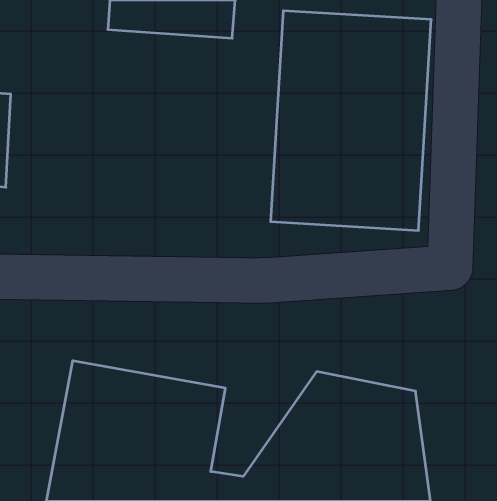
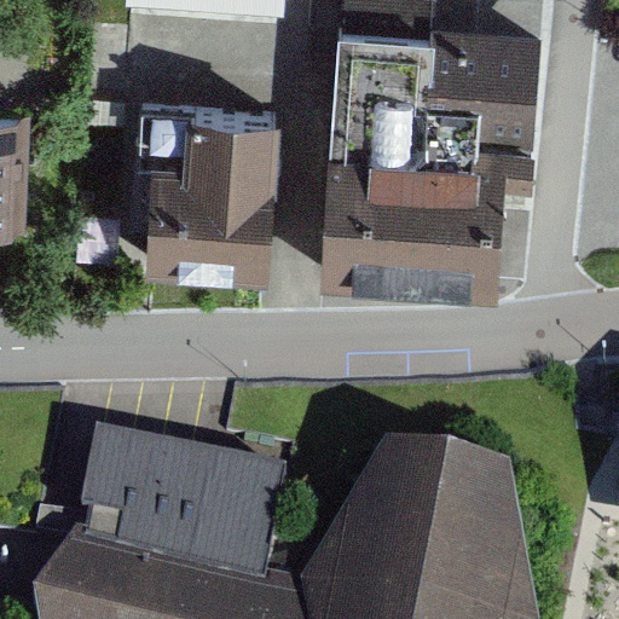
building: none -> [139,114,279,271]

